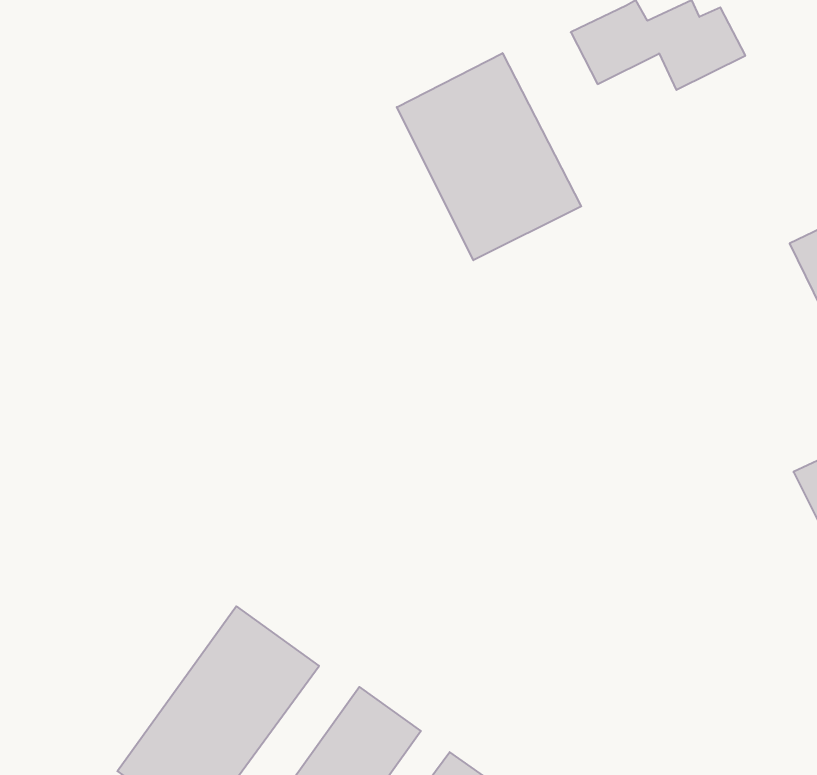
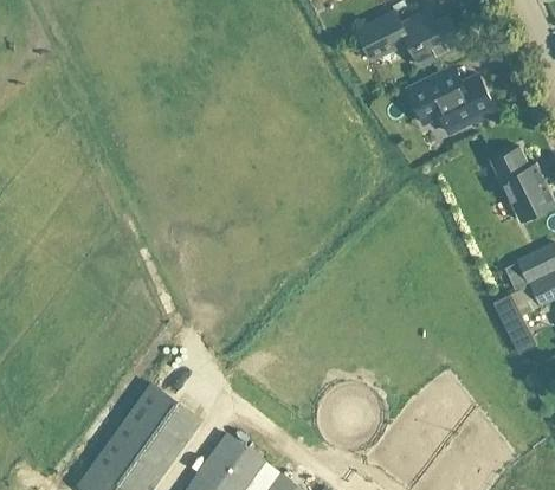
building: [397,53,581,260] -> none
building: none -> [406,65,495,134]

